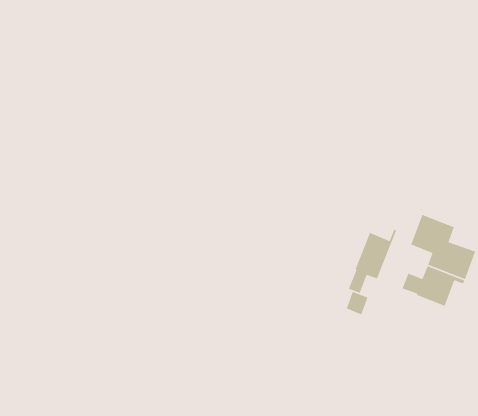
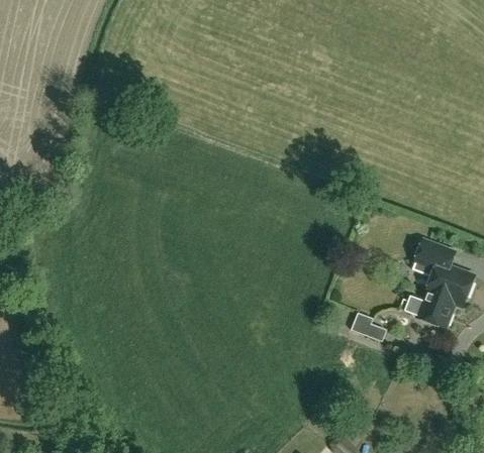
building: [348,229,397,294] -> none

